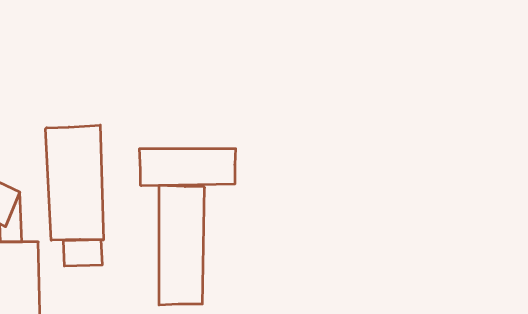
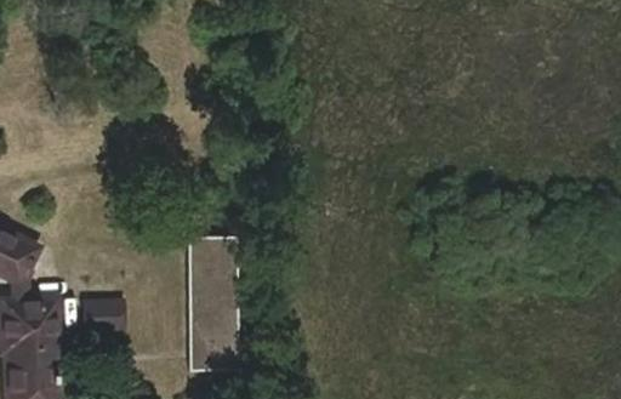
building: [46,125,103,240] -> none
building: [140,149,236,186] -> none

